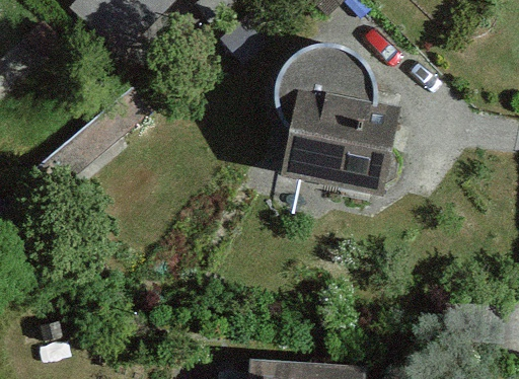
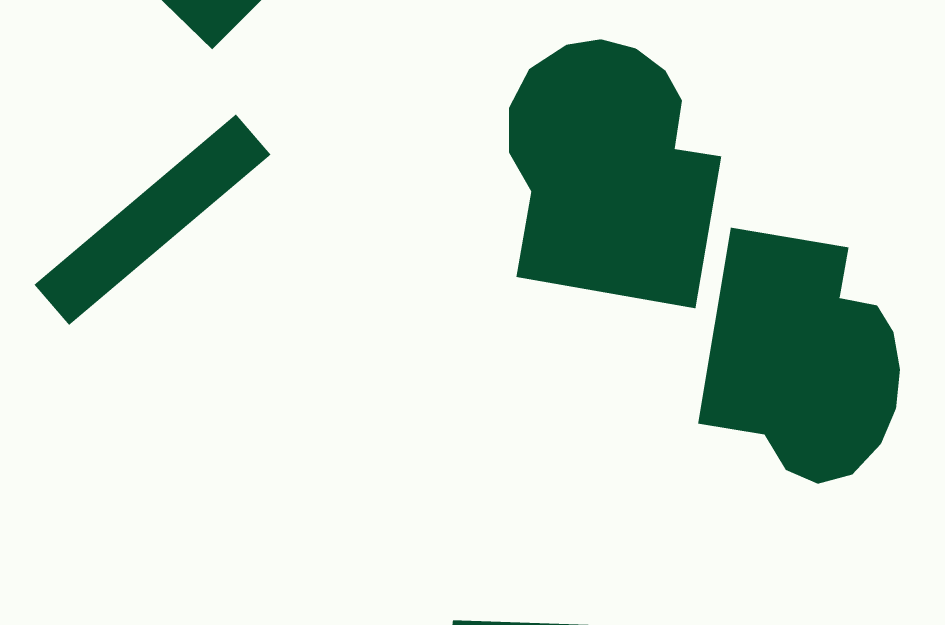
building: none -> [698,227,901,484]

